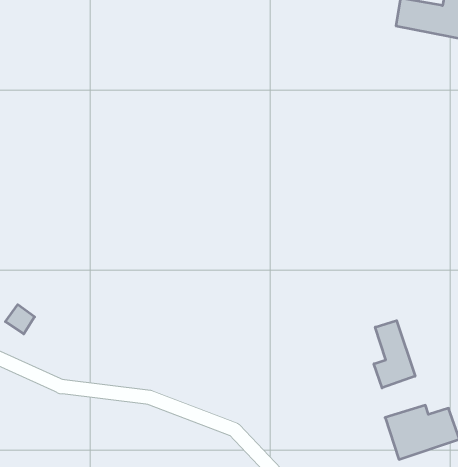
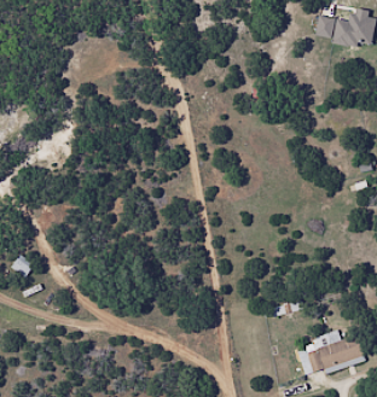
building: [374,321,415,388] -> none

